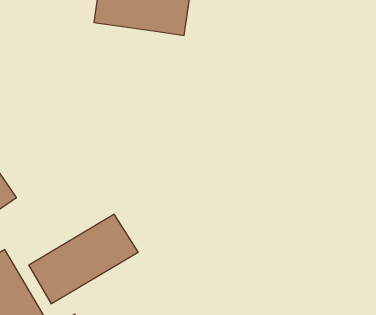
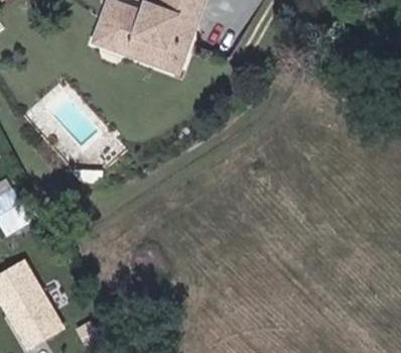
building: [29,214,138,304] -> none

